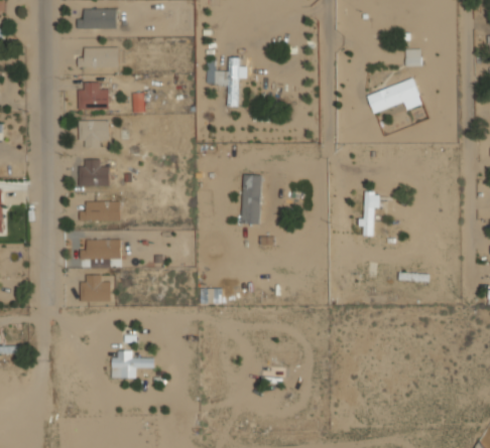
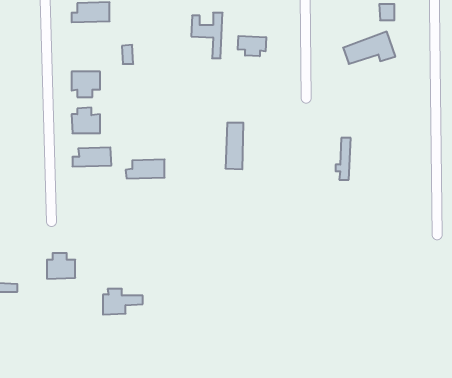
building: [78,83,109,110] -> none
building: none -> [238,36,266,56]
building: [80,240,121,260] -> [126,159,165,178]
building: [81,275,111,302] -> [47,253,75,279]

